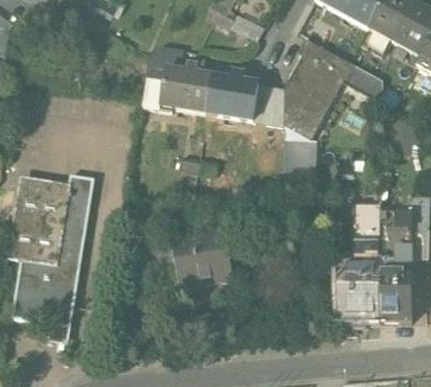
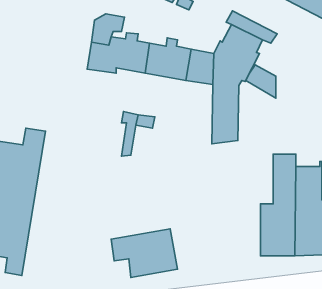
building: [348,65,382,103] -> [246,65,276,98]
building: [156,230,232,286] -> [111,229,178,277]

